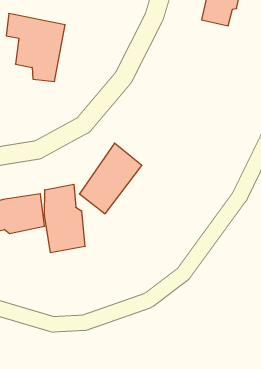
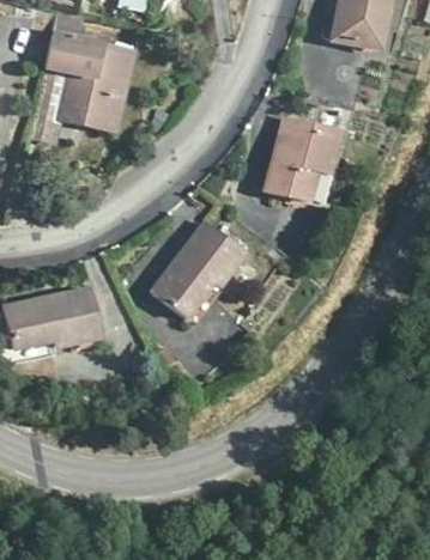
building: none -> [266,123,339,206]
building: [45,184,85,253] -> none

